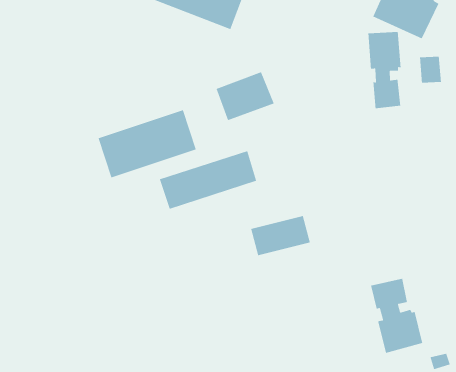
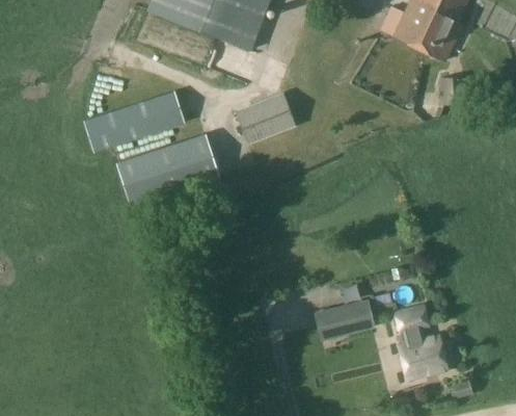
building: [367,31,401,109] -> none
building: [159,150,257,210] -> [84,92,184,152]
building: [250,215,311,256] -> [314,298,375,340]

